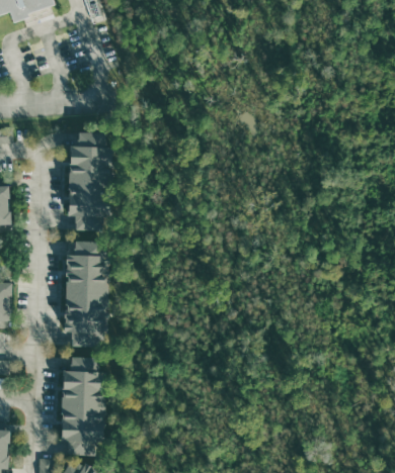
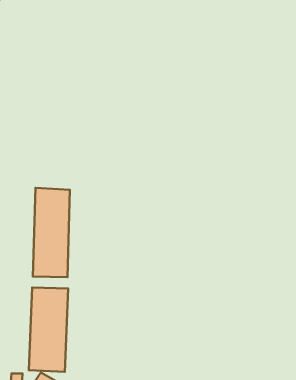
building: [68,132,111,231] -> none

